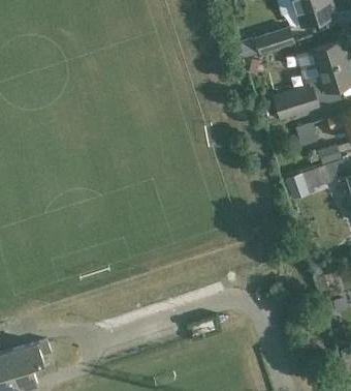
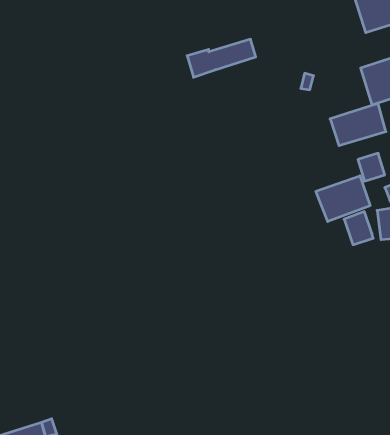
building: [237,29,293,60] -> [187,39,256,77]
building: none -> [316,176,370,222]

